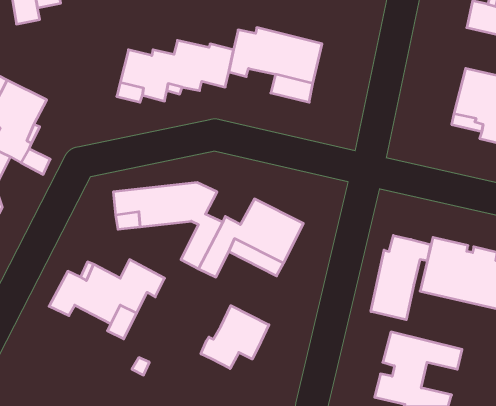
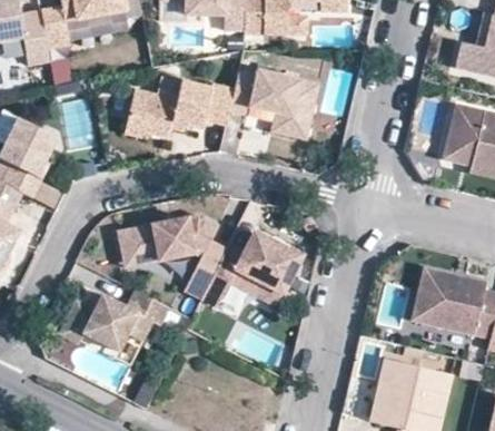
building: [371,235,431,320] -> none
building: [201,306,269,369] -> none

